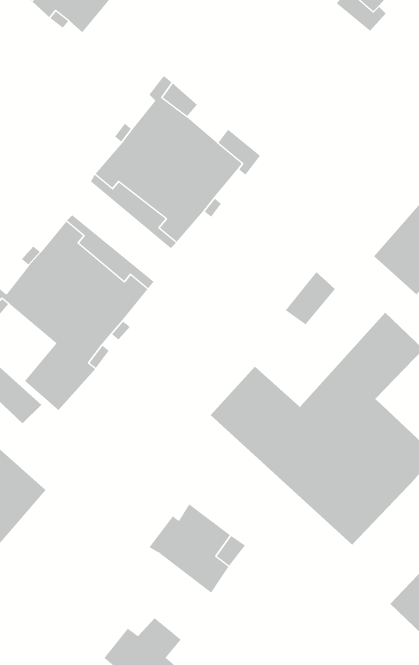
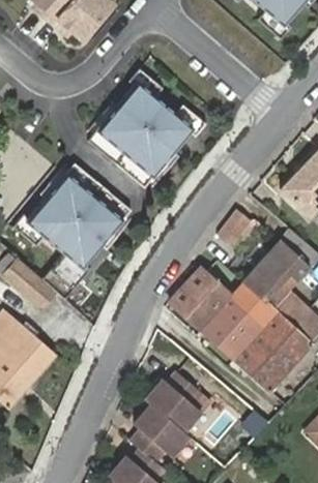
building: none -> [117,397,179,451]

